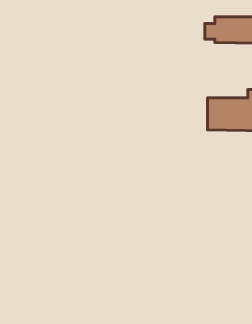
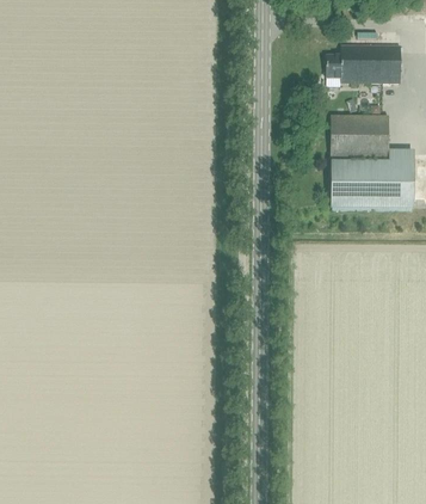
building: none -> [332,115,387,159]

